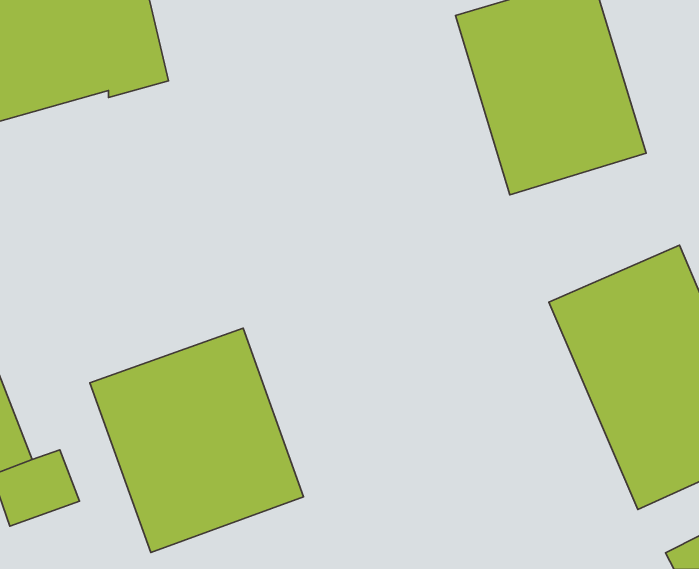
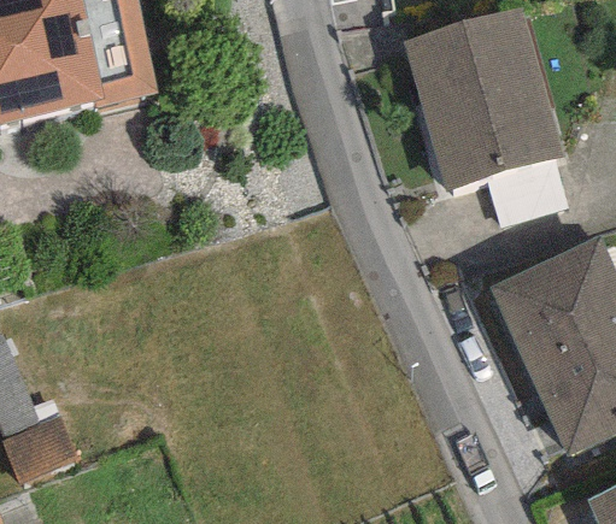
building: [90,328,303,553] -> none

